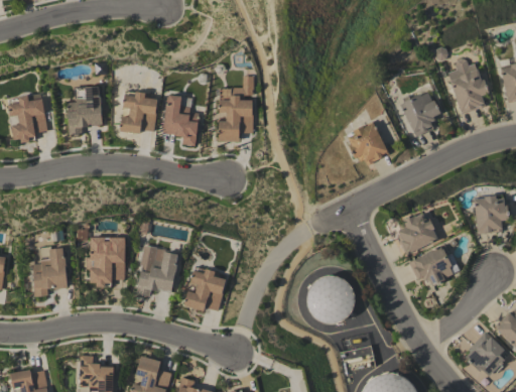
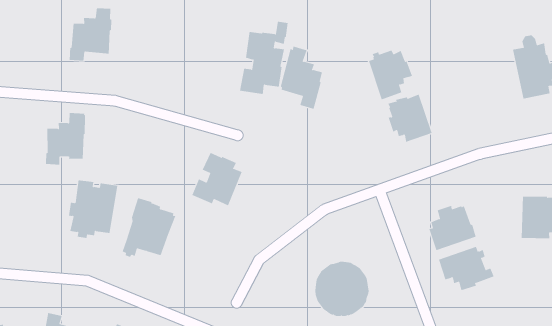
building: [119,91,156,133] -> none
building: [400,92,440,137] -> [368,50,413,100]
building: [162,94,198,146] -> [280,46,323,110]
building: [7,95,47,142] -> none
building: [31,248,67,296] -> [45,112,86,165]
building: [183,266,225,310] -> [191,152,243,206]

